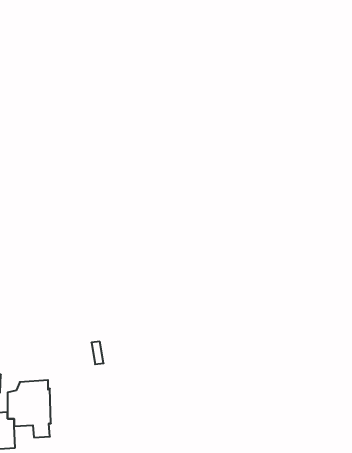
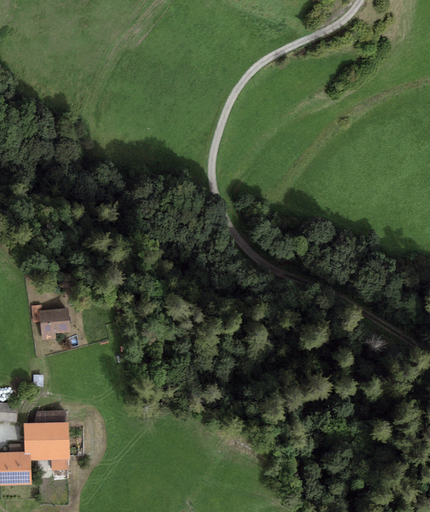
building: none -> [30,306,70,340]

